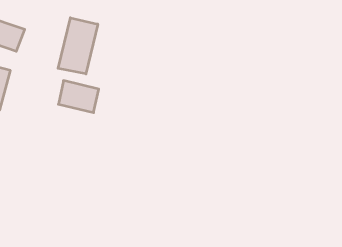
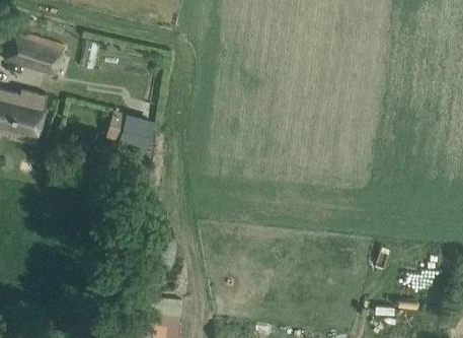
building: [58,18,98,74] -> none

